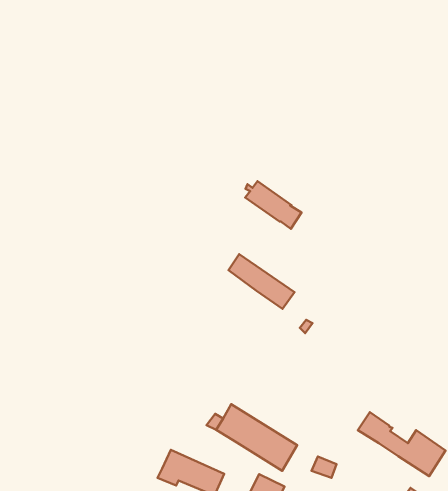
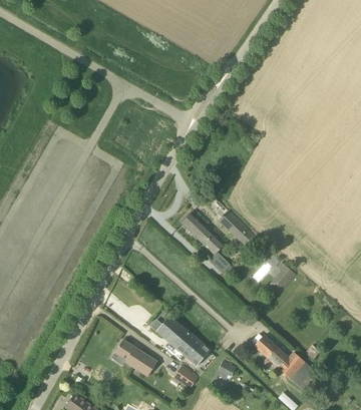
building: [245,181,302,229] -> [219,211,256,247]
building: none -> [269,262,296,294]

